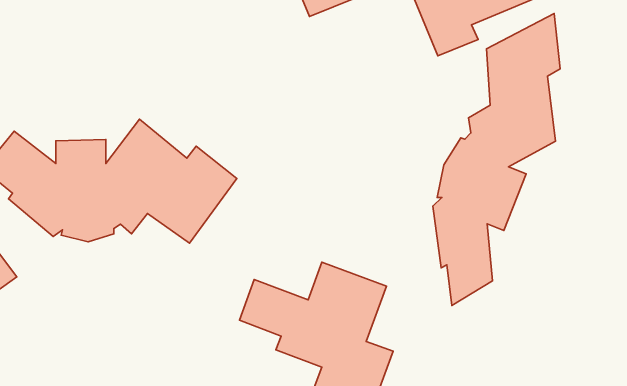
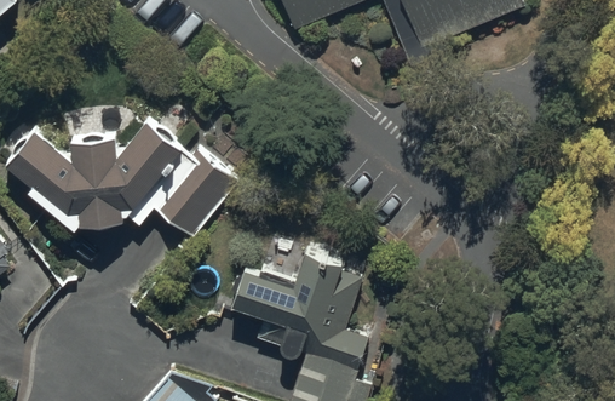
building: [433,13,560,305] -> none

